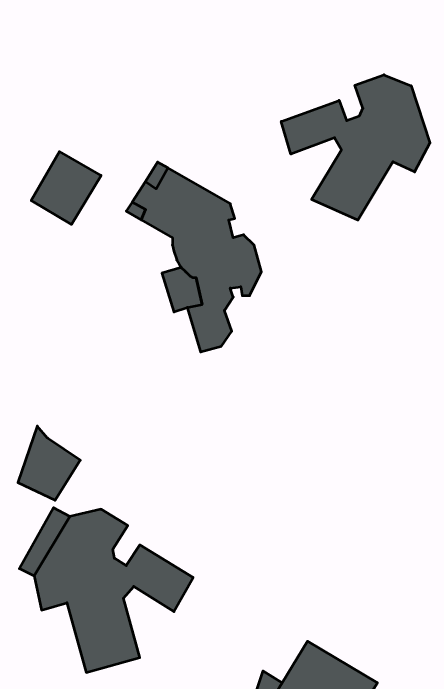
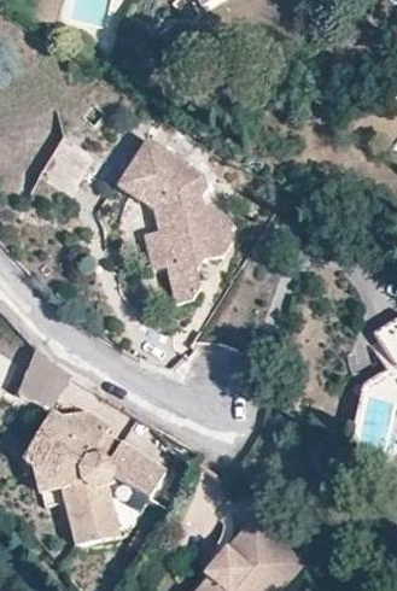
building: [281,75,430,220] -> none

